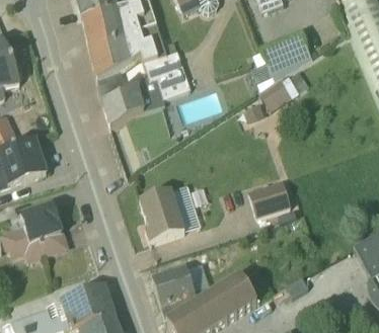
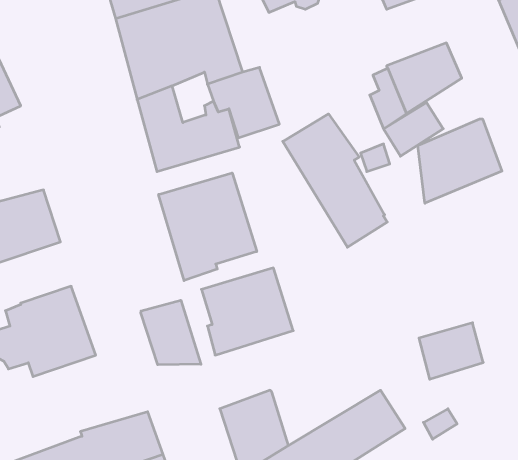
building: none -> [283,114,387,247]
building: none -> [418,119,502,203]
building: none -> [159,173,257,281]
building: [247,180,290,218] -> [419,323,483,379]
building: none -> [141,300,201,365]

